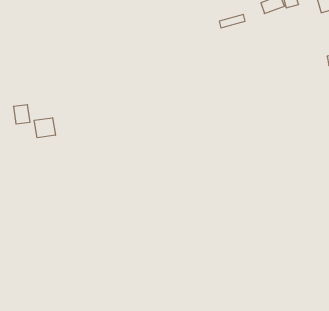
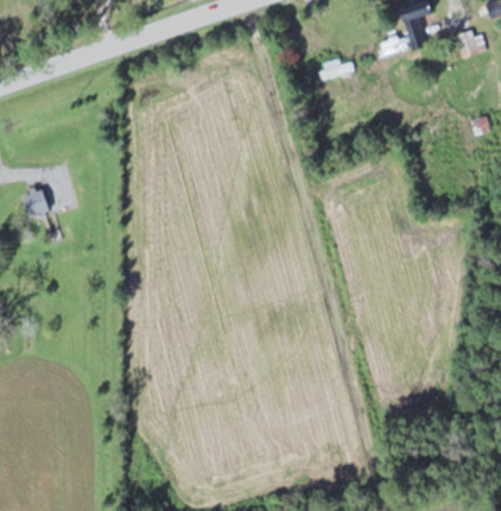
building: [34,118,55,138] -> none

